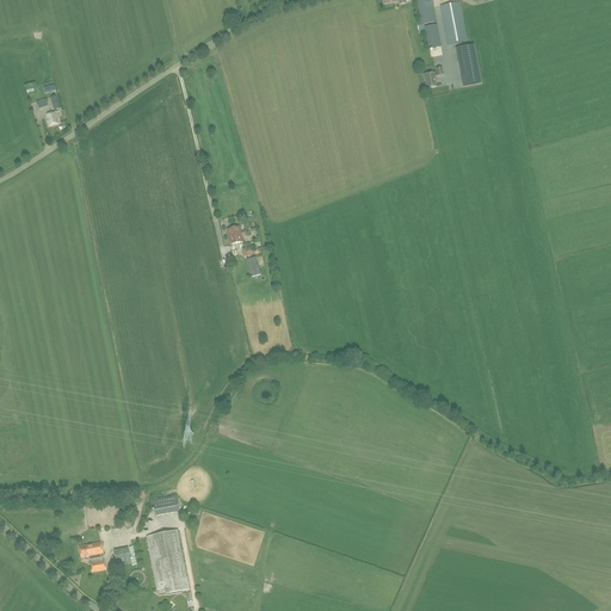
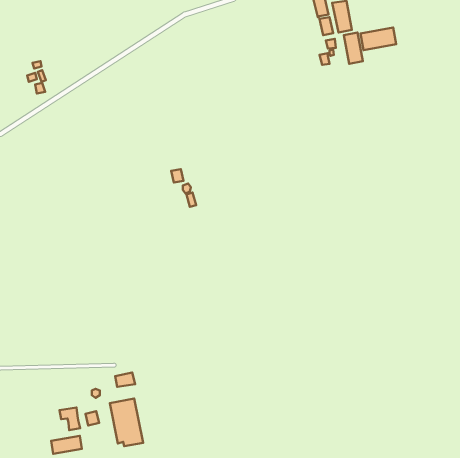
building: none -> [361,27,396,50]
building: none -> [51,436,82,454]

